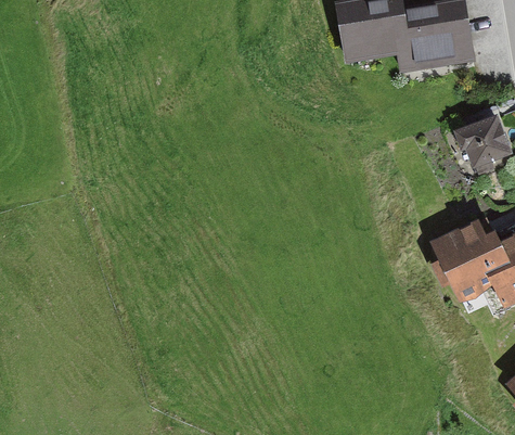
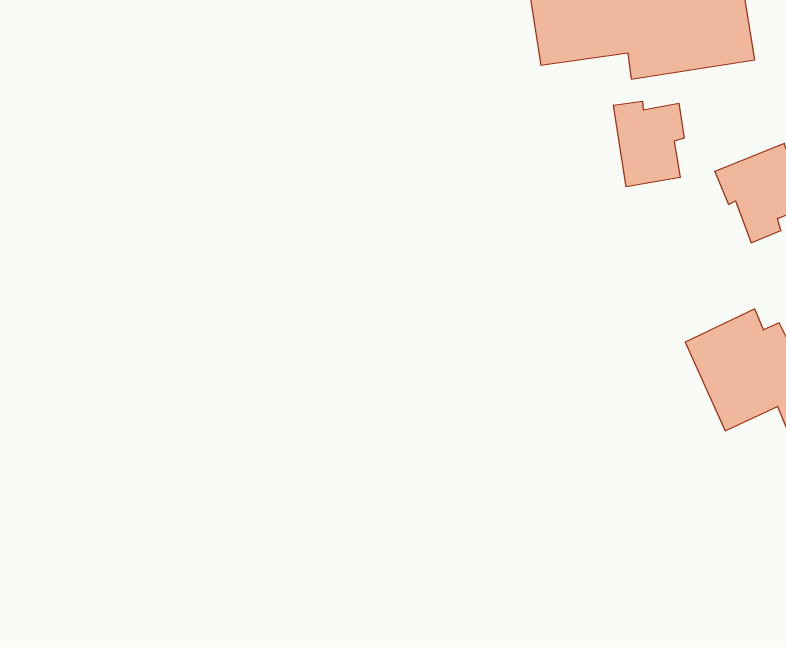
building: none -> [614,101,684,187]

